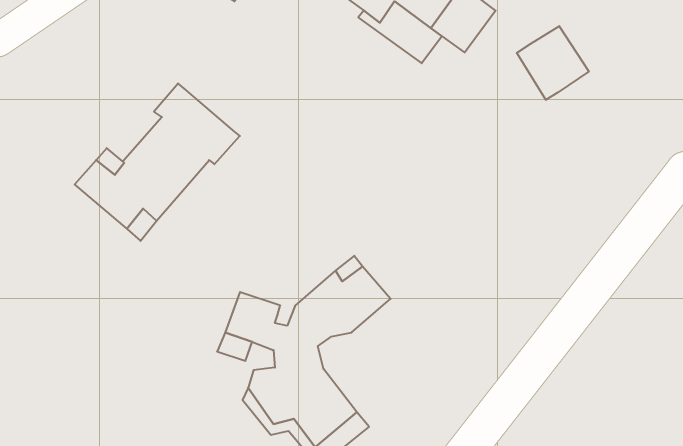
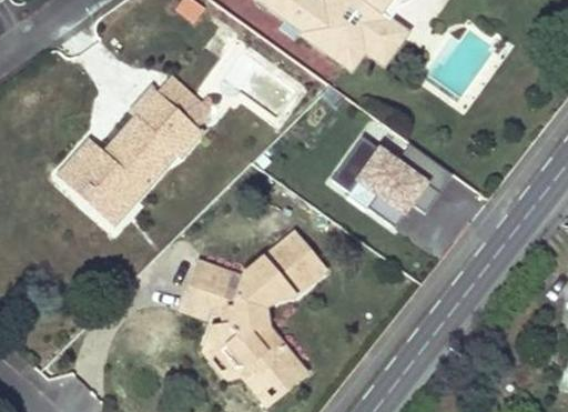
building: [517,26,589,100] -> none
building: none -> [156,78,211,129]
building: none -> [355,145,429,214]

